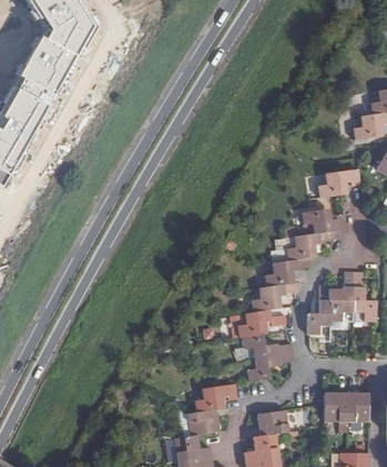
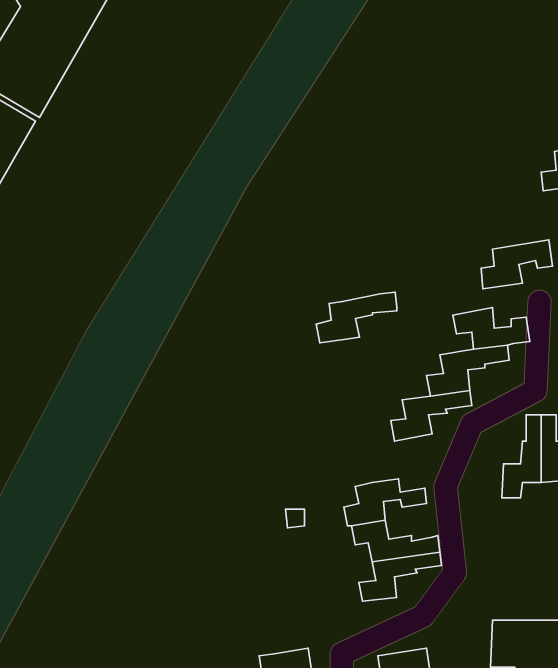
building: [252,281,299,311] -> [316,292,397,343]
building: [307,284,332,333] -> none
building: [194,383,237,412] -> none

